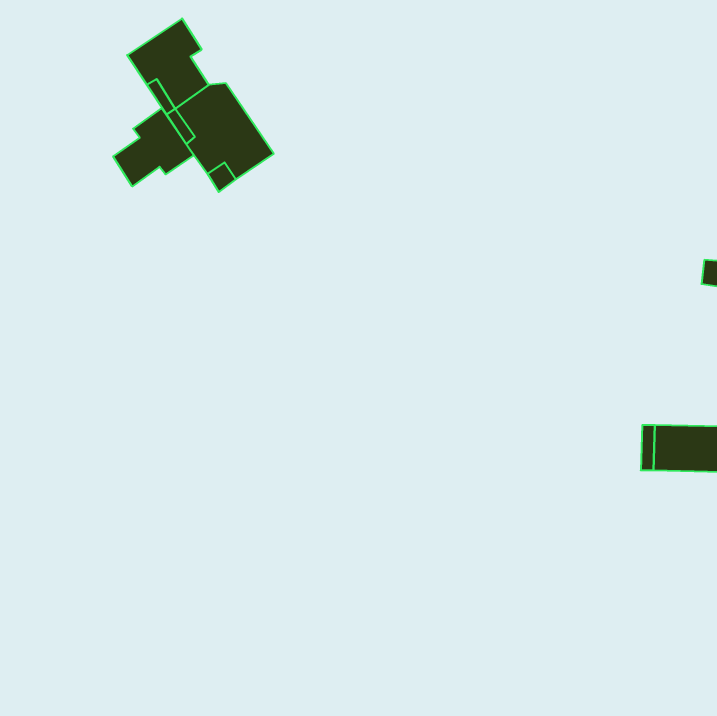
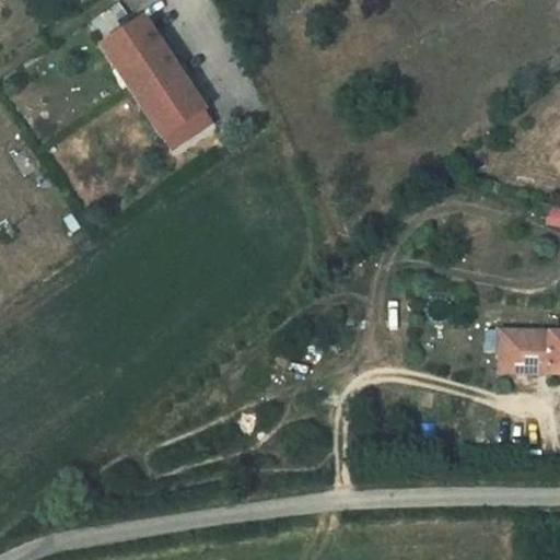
building: [113,108,194,186] -> none

